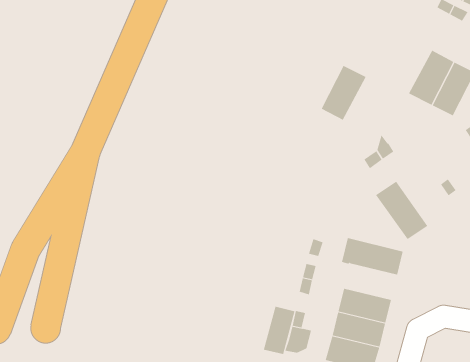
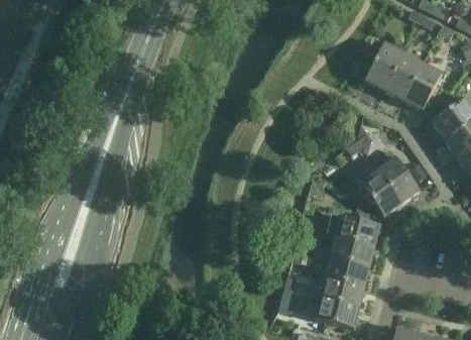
building: [321,65,367,121] -> [365,42,404,90]
building: none -> [372,148,420,203]
building: none -> [329,235,375,266]
building: [263,306,295,355] -> none

